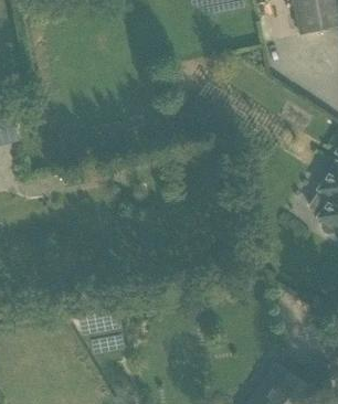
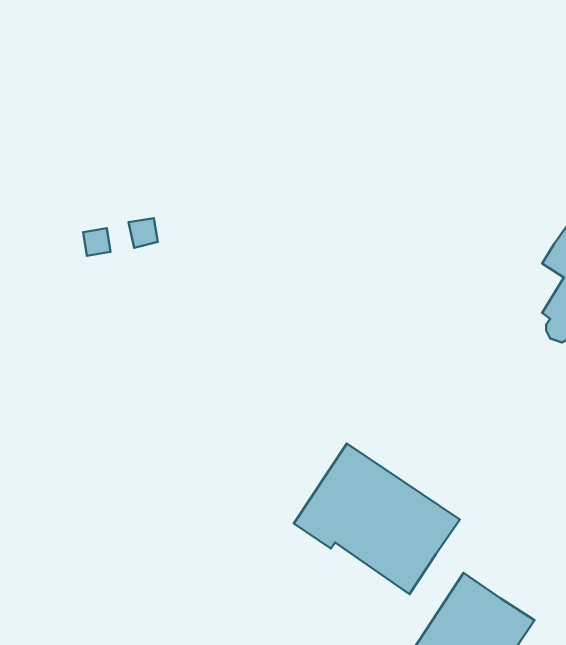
building: none -> [294,443,460,594]

